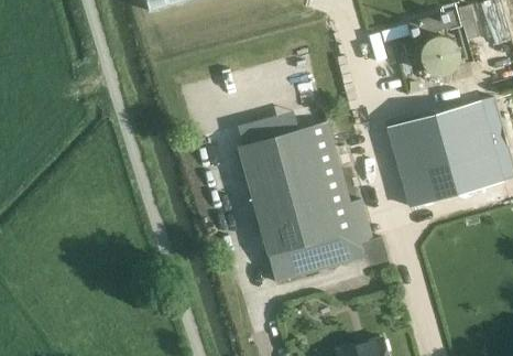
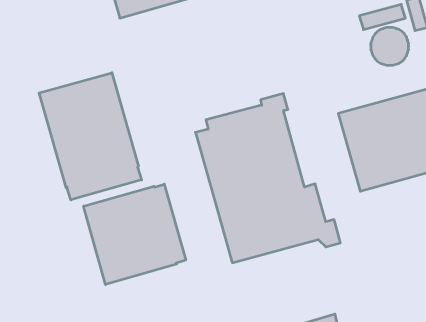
building: none -> [39,73,142,200]
building: none -> [84,184,186,285]

